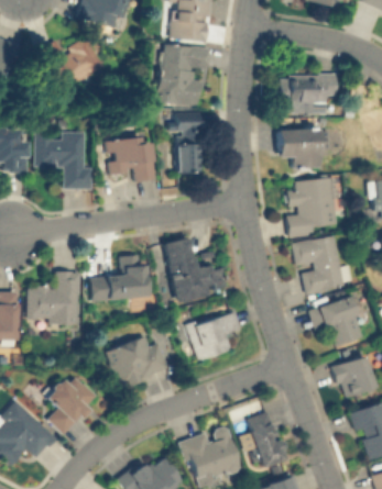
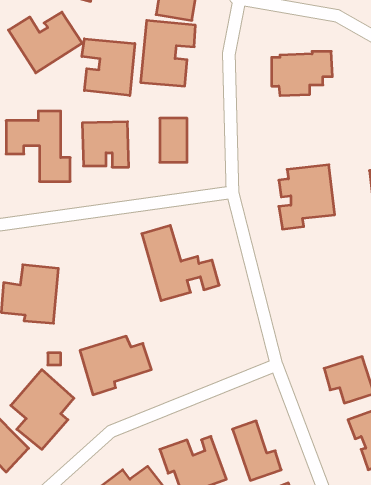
building: none -> [82,39,135,96]
building: [175,111,204,131] -> none
building: [277,127,321,167] -> none
building: [293,235,347,293] -> none
building: [88,265,149,299] -> none
building: [310,294,365,346] -> none
building: [184,304,247,363] -> none

